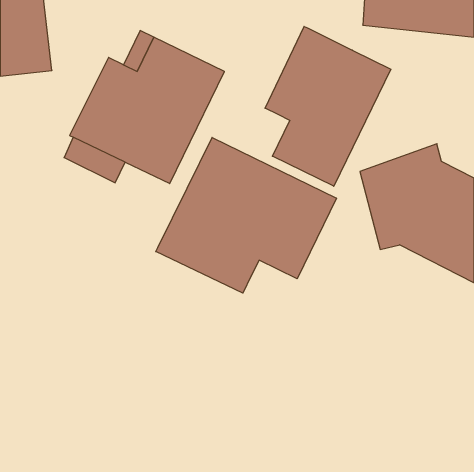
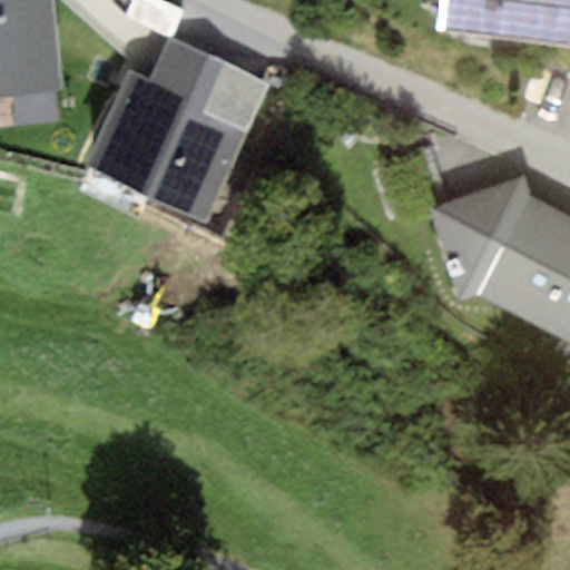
building: [265,26,391,186] -> none
building: [156,137,336,293] -> none

